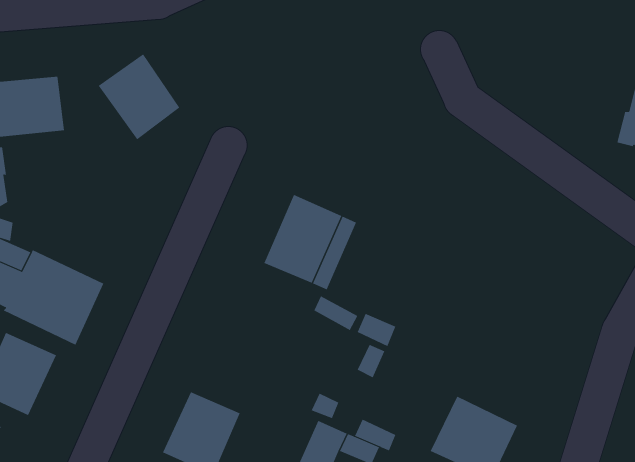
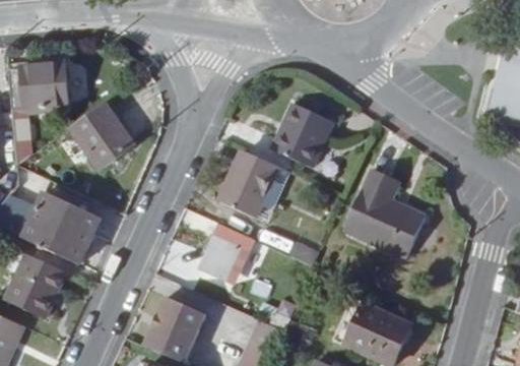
building: [98,53,180,140] -> [70,103,132,168]
building: none -> [272,104,333,167]
building: none -> [344,170,427,257]
building: none -> [199,223,246,281]

